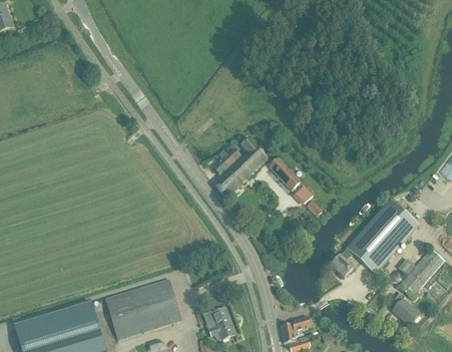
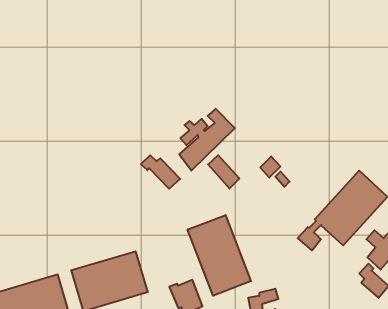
building: [270,156,301,190] -> [208,155,239,189]
building: none -> [141,155,180,189]
building: none -> [188,215,251,296]

